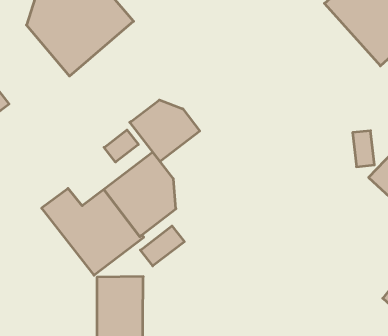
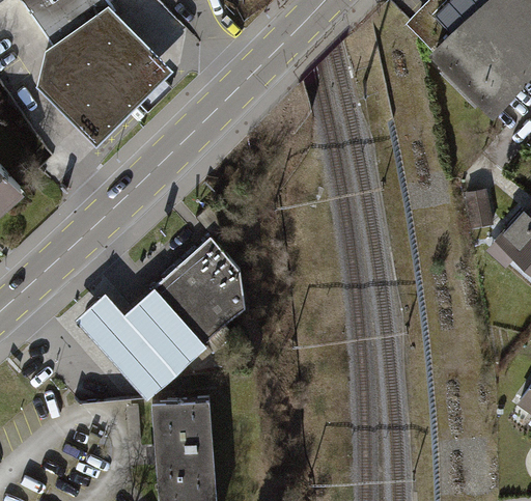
building: [130,100,200,161] -> none
building: [104,130,138,162] -> none
building: [140,226,184,266] -> none

